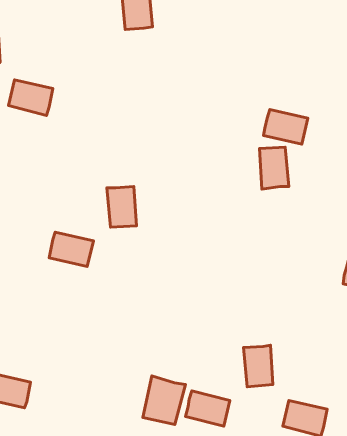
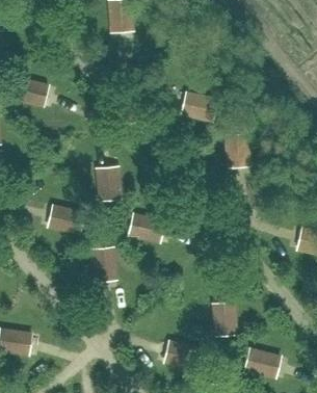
building: [264,110,308,144] -> [180,93,217,122]
building: none -> [128,214,165,244]
building: none -> [91,246,116,282]
building: [143,376,185,424] -> none

